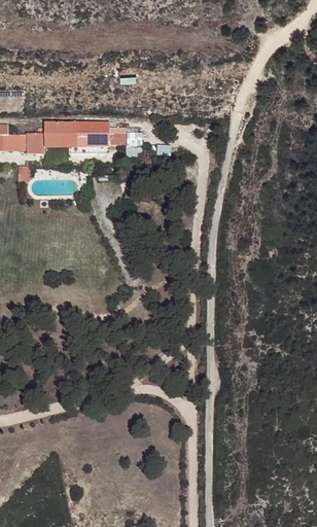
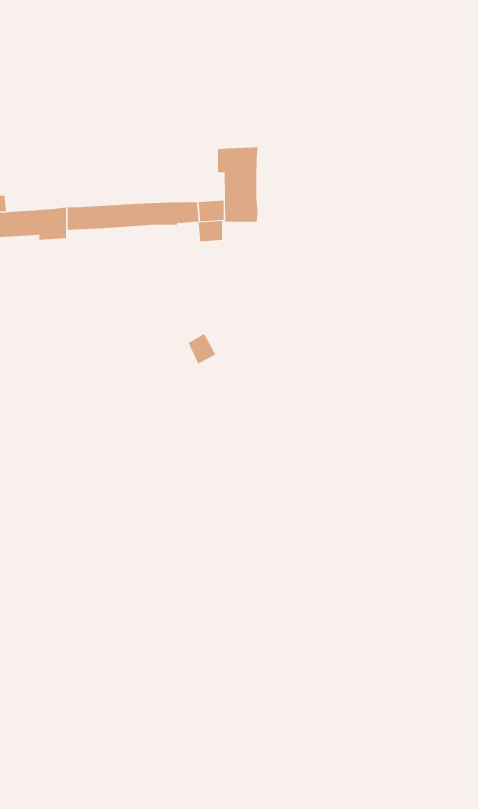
building: none -> [217,146,258,223]

